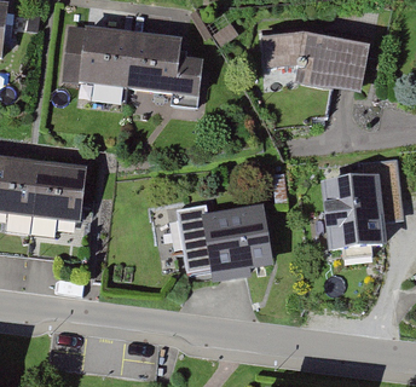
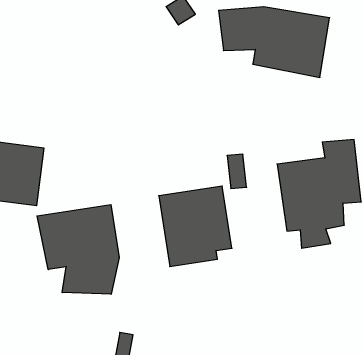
building: [73,29,198,114] -> none
building: none -> [37,205,119,294]

